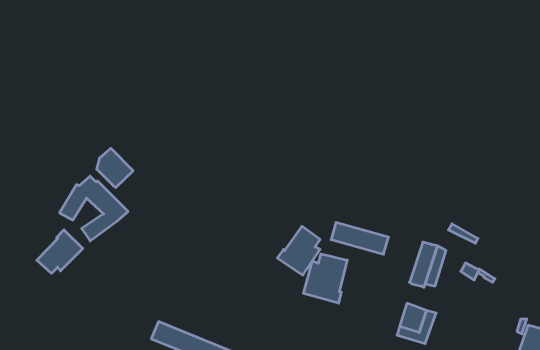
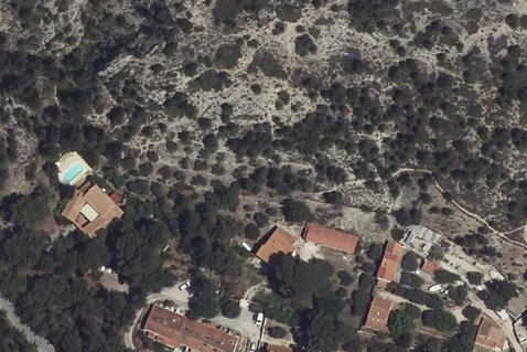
building: [97,148,133,188] -> none
building: [37,230,83,273] -> none
building: [303,254,347,303] -> none

